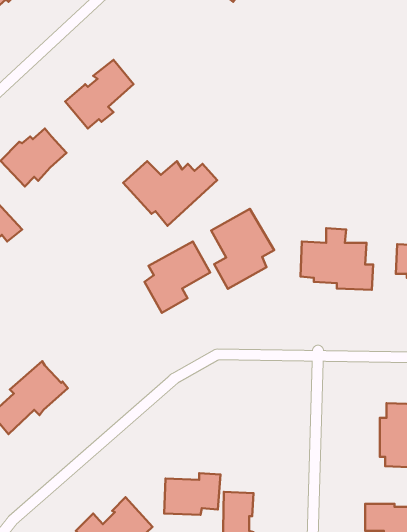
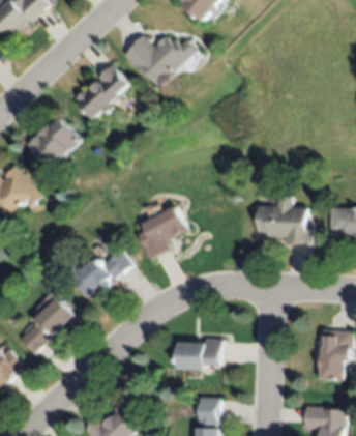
building: [123,161,217,226] -> [125,36,198,86]
building: [211,209,274,289] -> none
building: none -> [68,249,132,296]
building: [164,473,221,515] -> [178,338,221,370]

